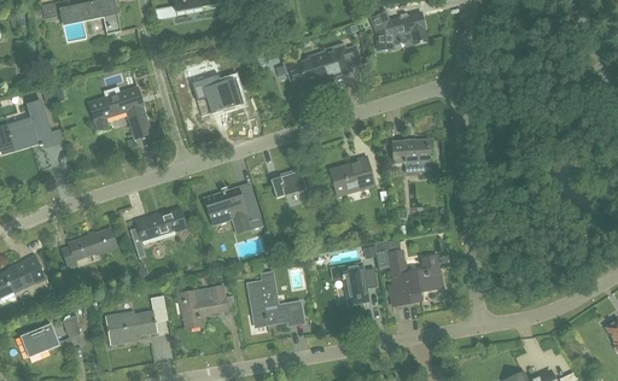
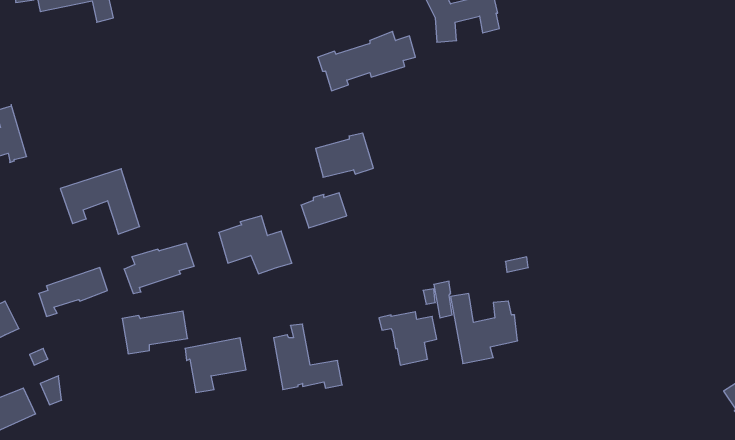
building: [191,72,241,115] -> none
building: [88,86,151,137] -> [60,169,140,234]
building: [392,139,431,170] -> none
building: [328,156,374,190] -> [316,133,373,177]
building: [105,310,157,344] -> [122,311,188,354]

